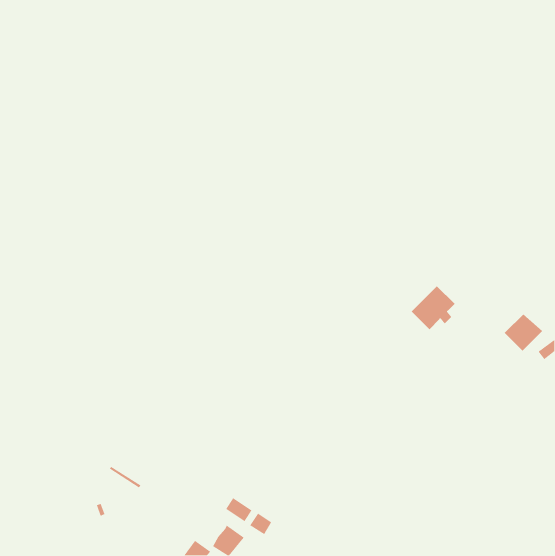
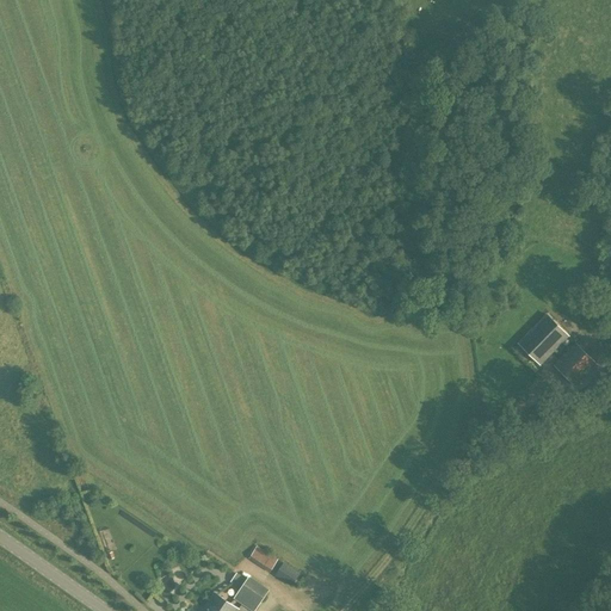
building: [411,285,455,330] -> [518,315,567,364]

